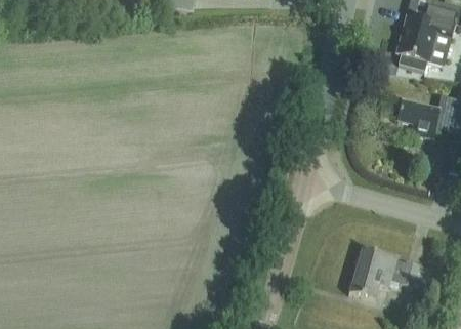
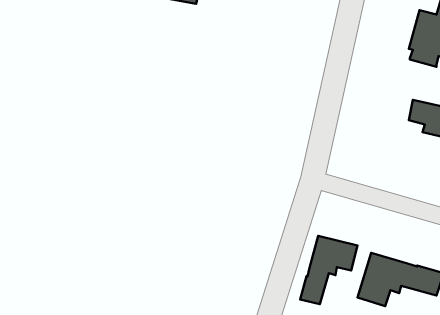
building: none -> [300,236,357,304]

